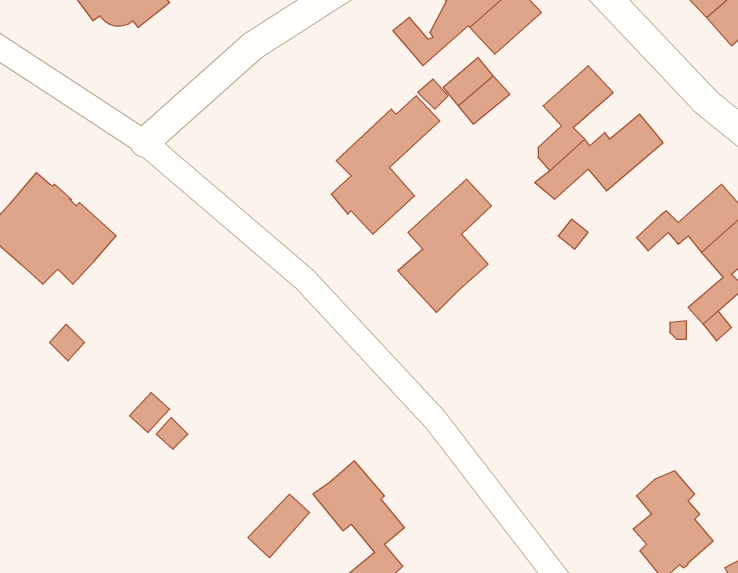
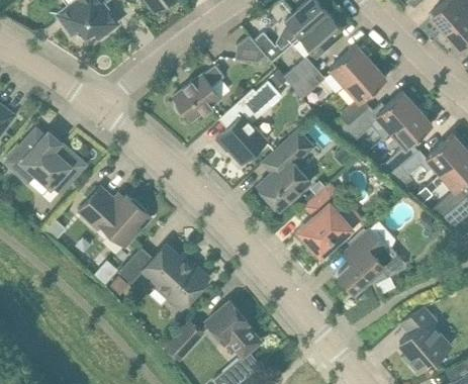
building: none -> [235,35,266,63]
building: none -> [329,44,371,86]
building: none -> [172,65,223,121]
building: none -> [378,108,432,176]
building: none -> [296,184,352,256]
building: none -> [78,186,151,247]
building: none -> [337,229,403,292]
building: none -> [118,244,208,309]

